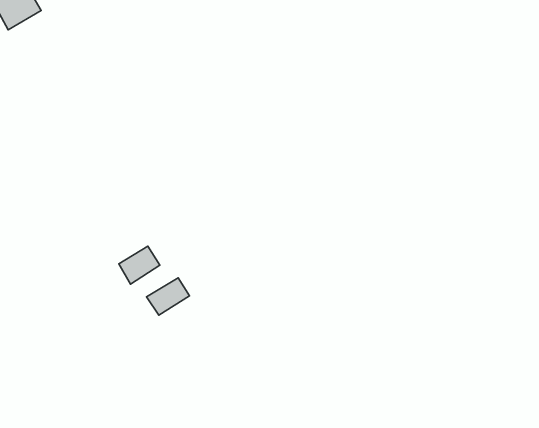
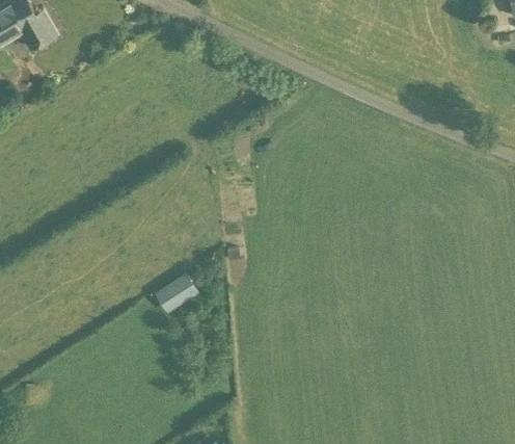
building: [119,246,160,284] -> none

